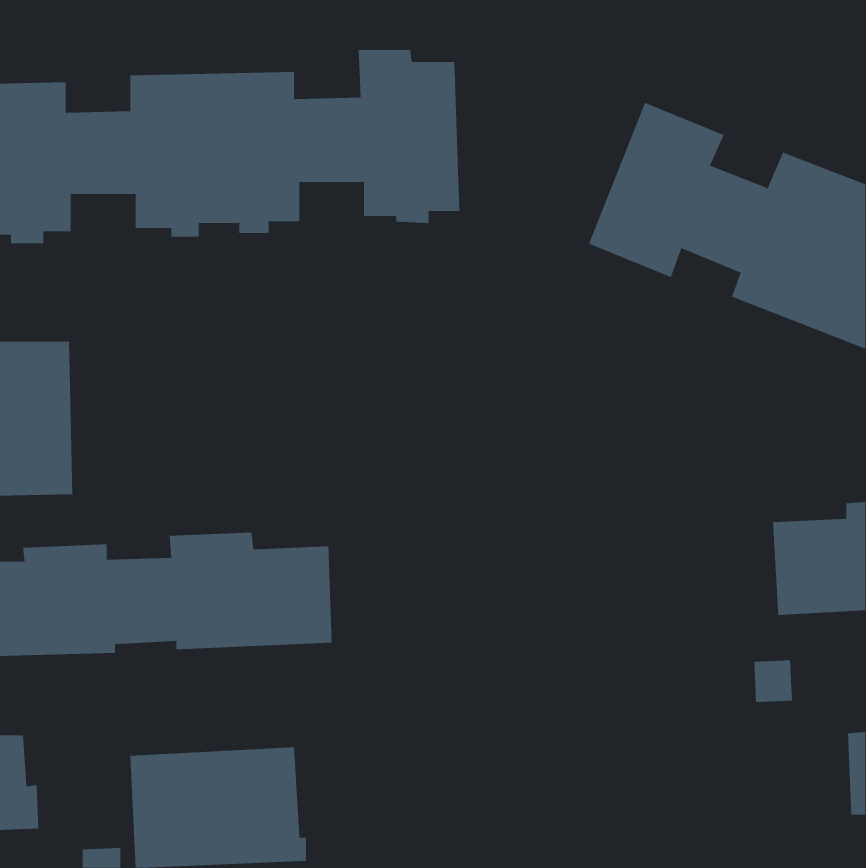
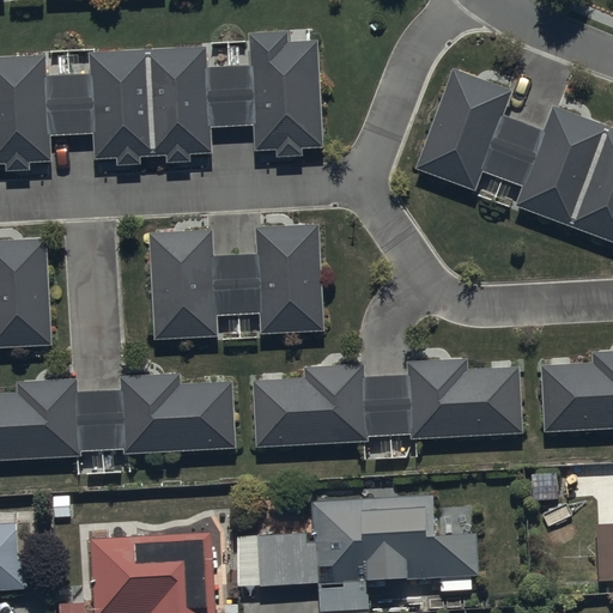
building: none -> [147,224,321,339]
building: none -> [253,360,522,448]
building: none -> [236,488,479,605]

